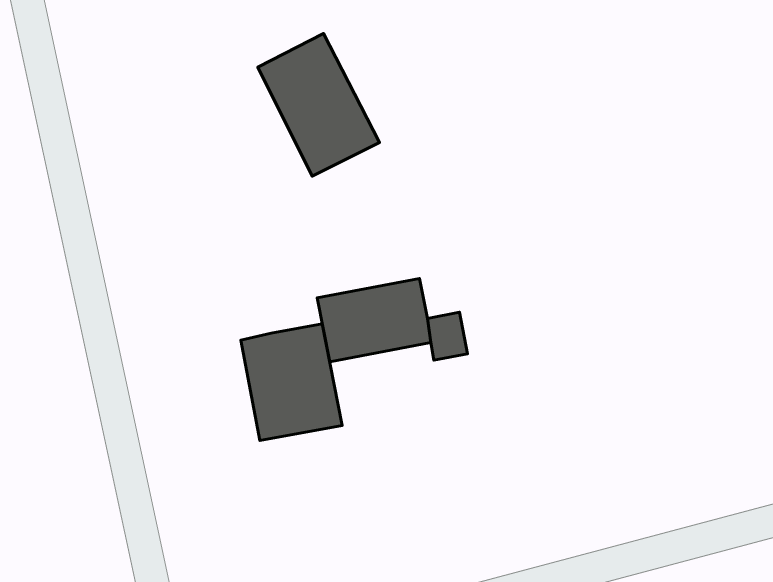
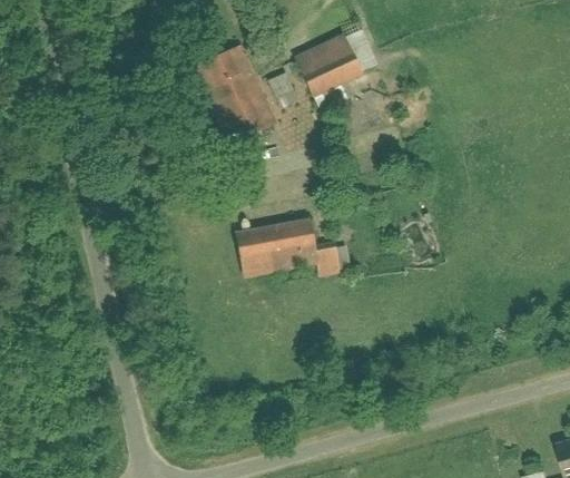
building: none -> [296,35,364,96]
building: [241,324,342,440] -> none

